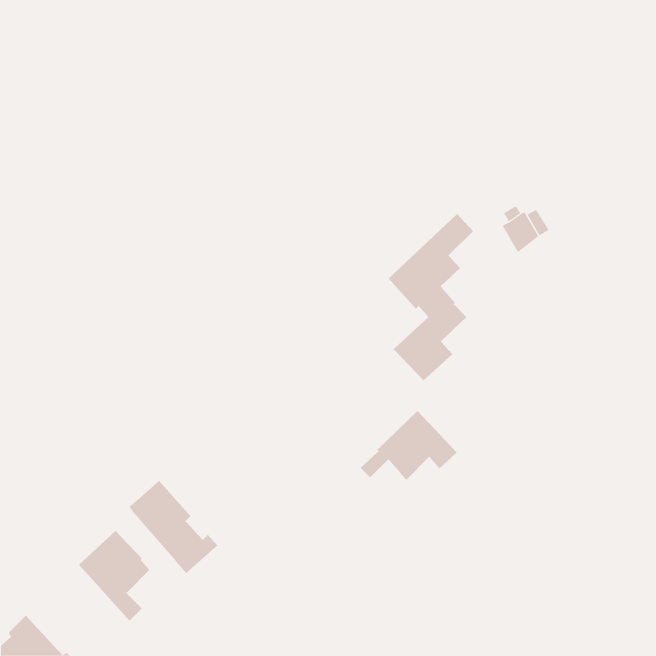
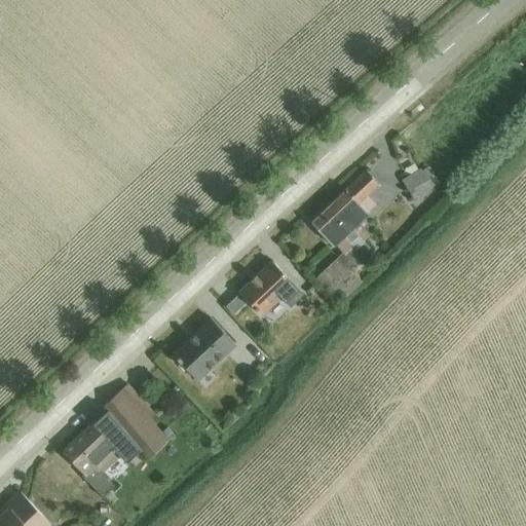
building: none -> [173,318,236,382]
building: [360,410,457,481] -> [225,261,303,317]
building: none -> [92,411,141,462]

